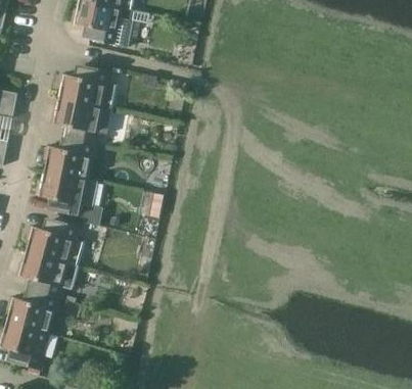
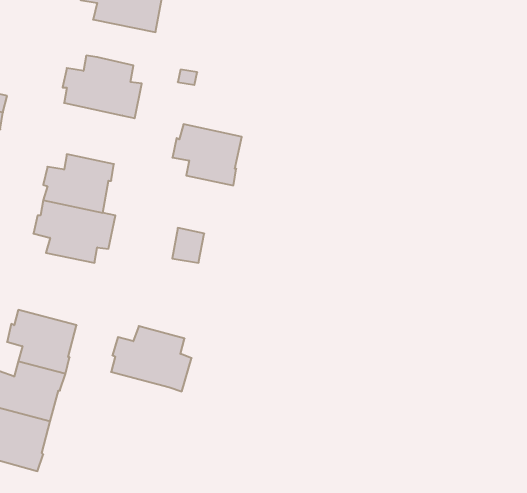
building: [51,100,102,145] -> [172,124,242,185]
building: [26,218,85,266] -> [111,326,192,391]

